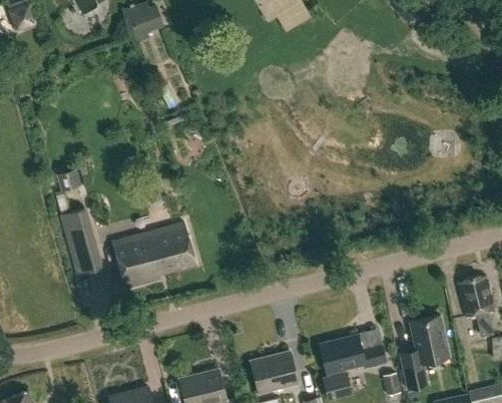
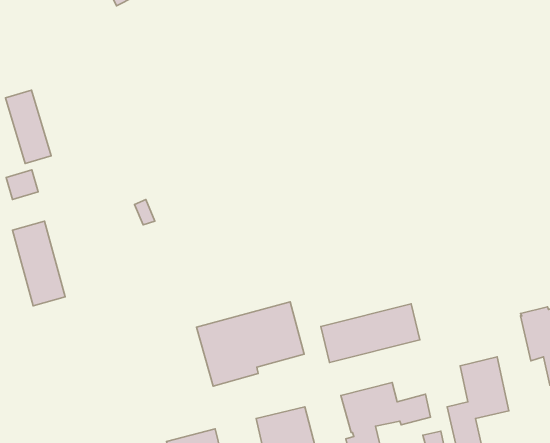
building: none -> [5,90,51,164]
building: [112,222,196,288] -> [196,302,304,386]
building: none -> [321,304,420,362]

